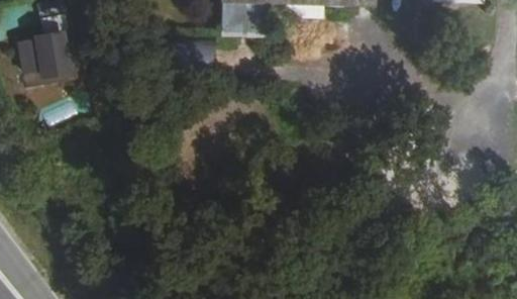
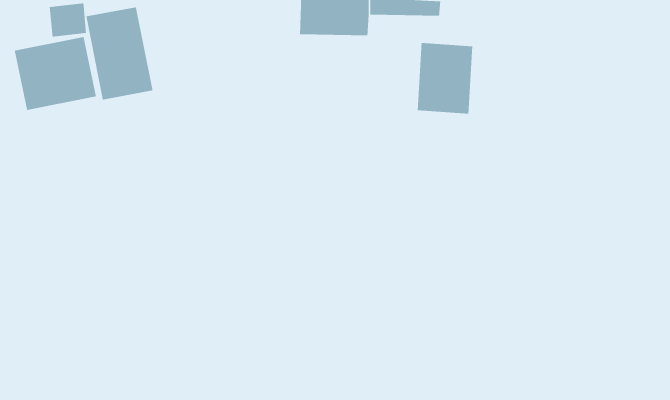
building: none -> [85,6,153,100]
building: none -> [417,42,473,114]

